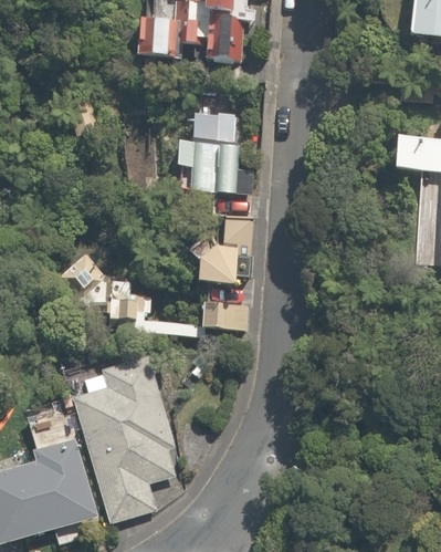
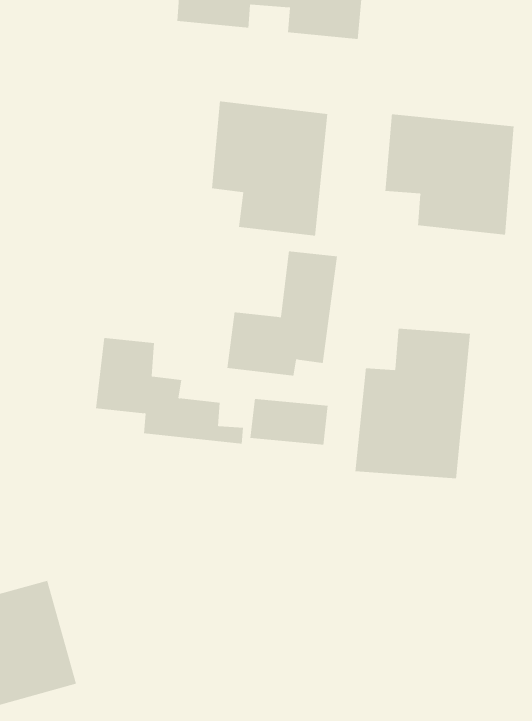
building: none -> [385,113,514,235]
building: none -> [355,328,470,479]
building: [71,350,185,519] -> none

